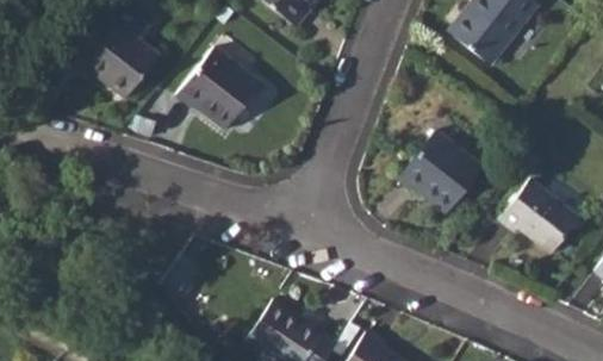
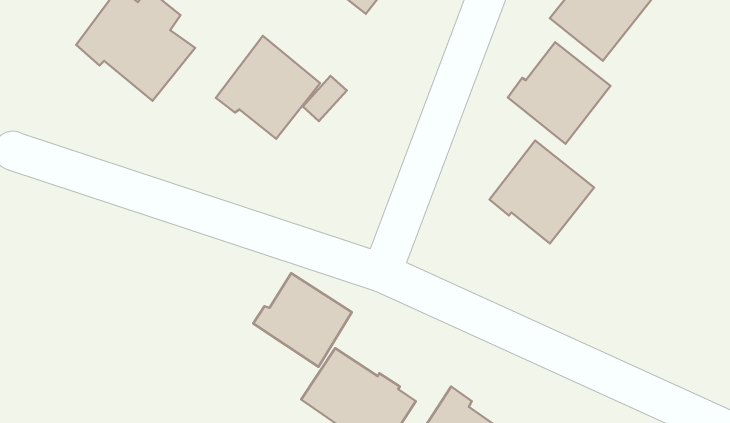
building: none -> [508,42,611,144]
building: [498,179,589,254] -> none
building: none -> [253,273,352,367]

